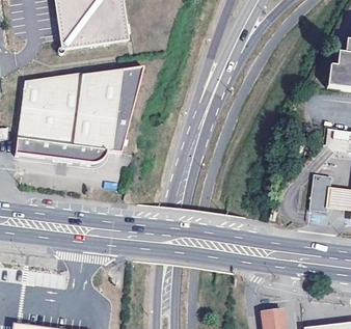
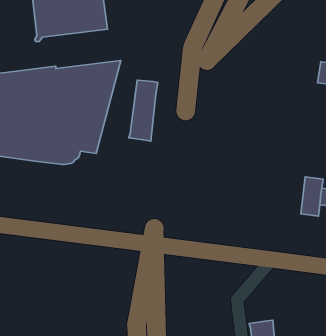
building: none -> [129,80,158,141]

